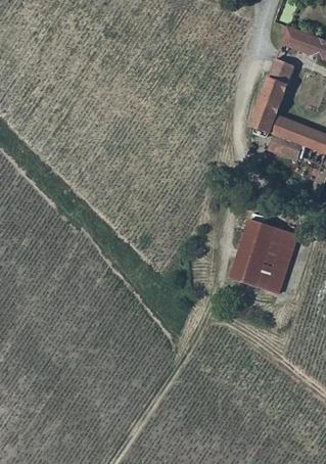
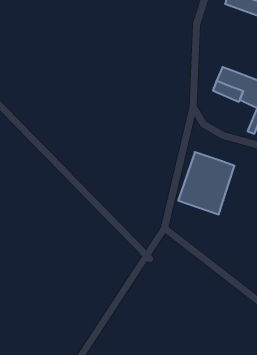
building: [251,60,293,136] -> none

